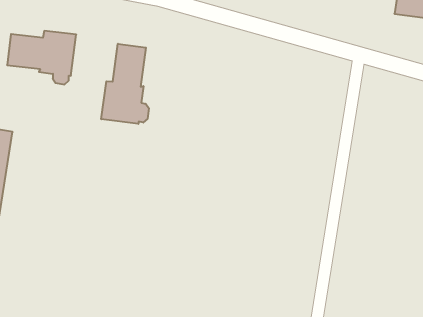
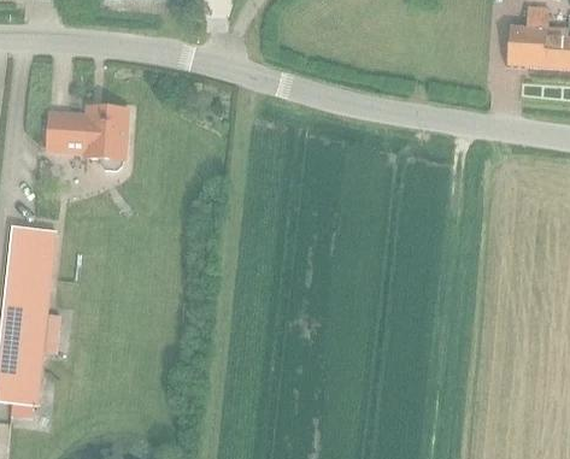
building: [101,44,149,124] -> none

